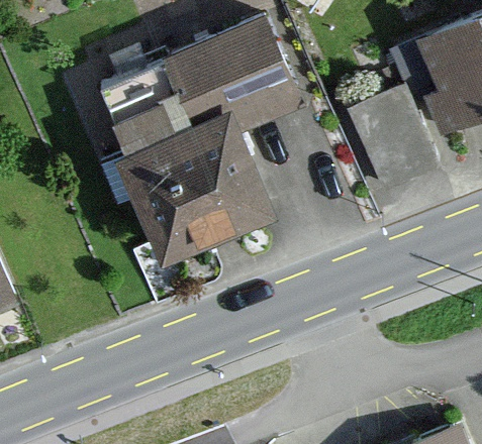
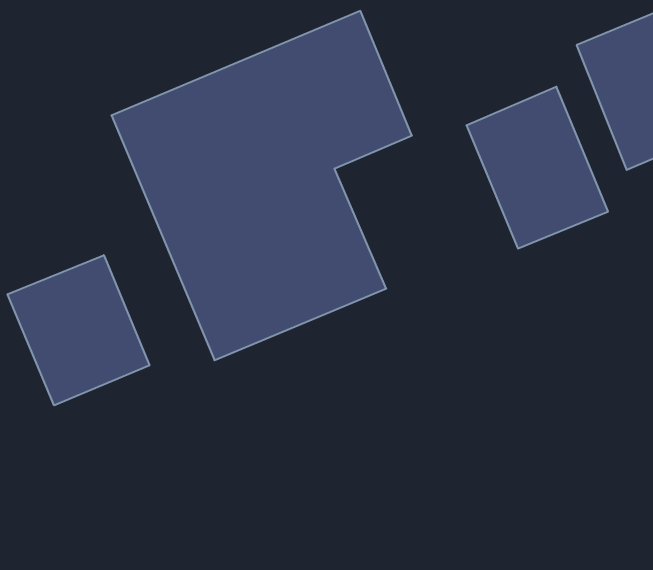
building: none -> [8,255,149,405]

